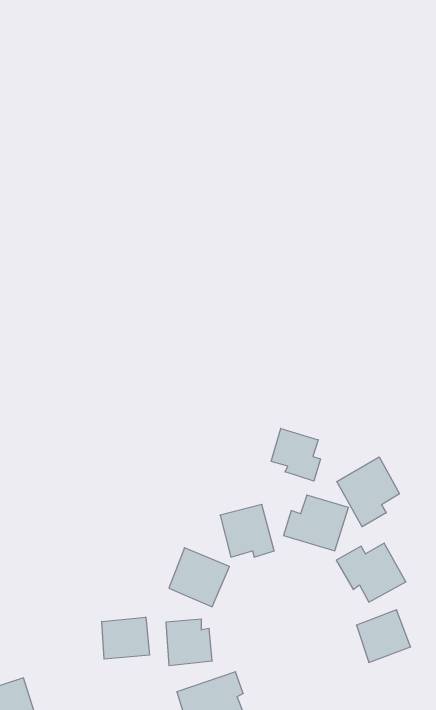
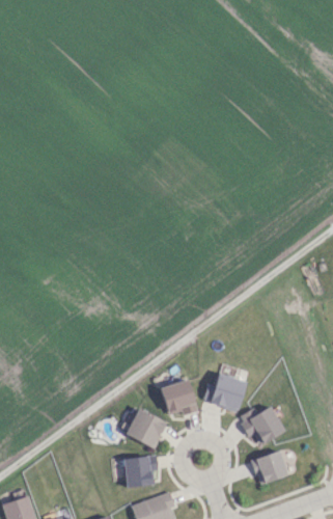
building: [271,428,320,481] -> none
building: [337,457,399,527] -> none
building: [102,617,149,659] -> none

